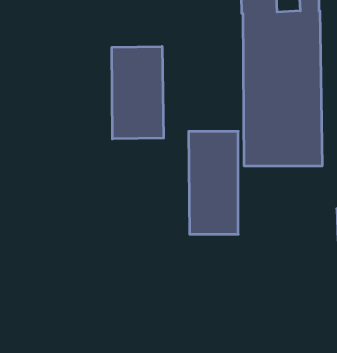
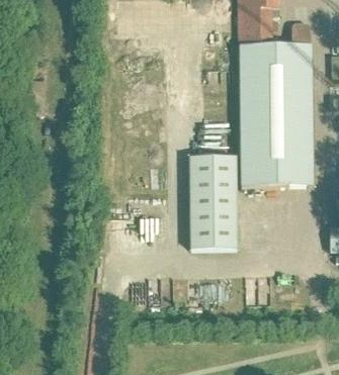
building: [112,46,164,139] -> none

